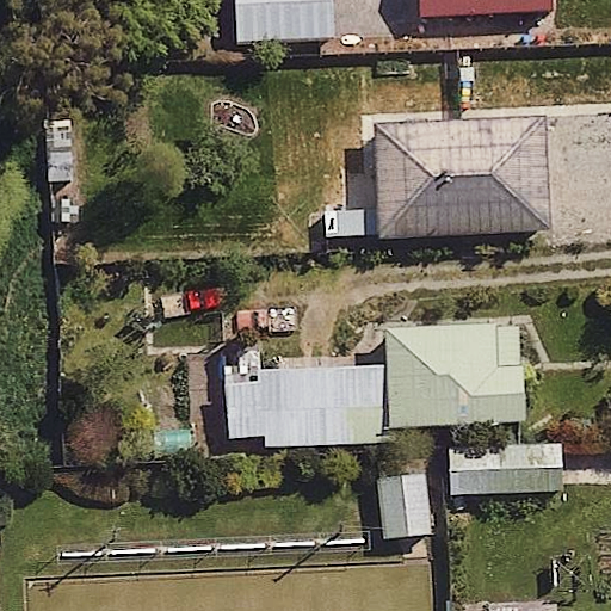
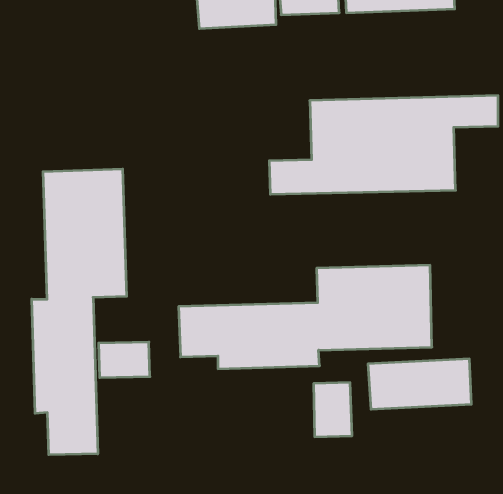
building: none -> [32,169,127,455]

